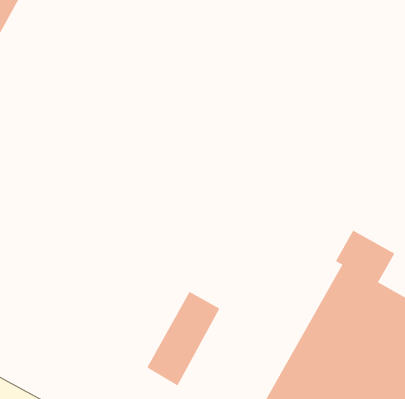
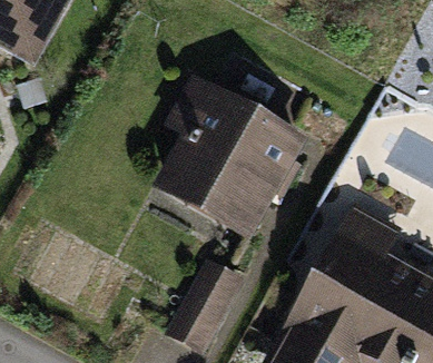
building: none -> [168,97,298,227]

